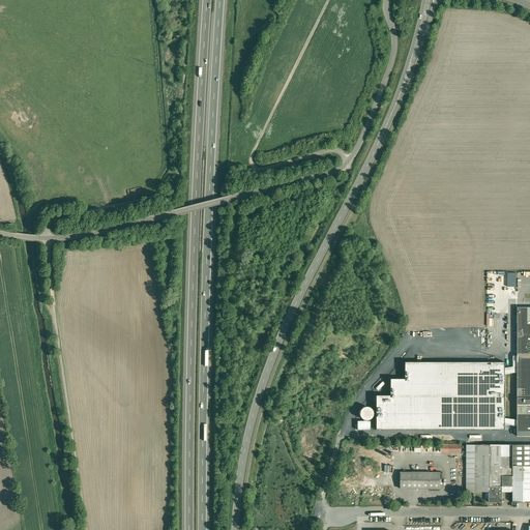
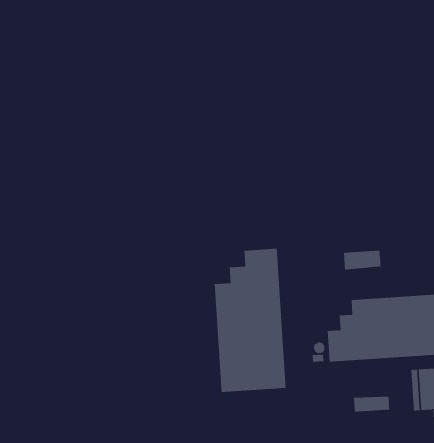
building: none -> [214,248,286,393]
building: none -> [343,250,381,270]

